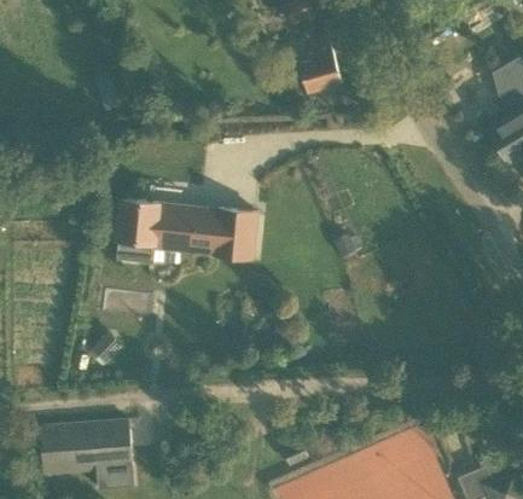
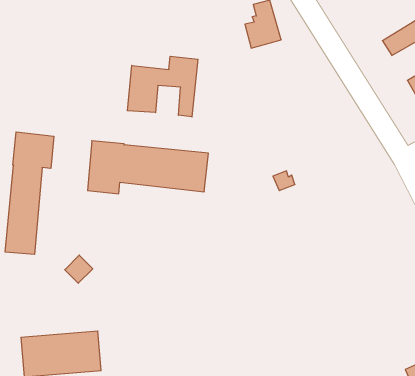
building: none -> [127,56,198,117]
building: none -> [5,132,54,254]

